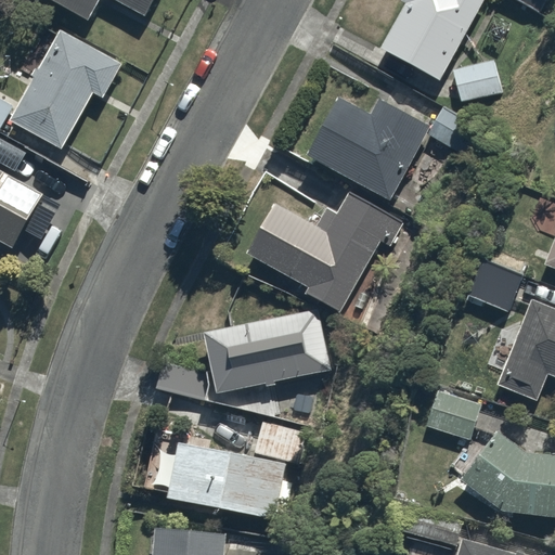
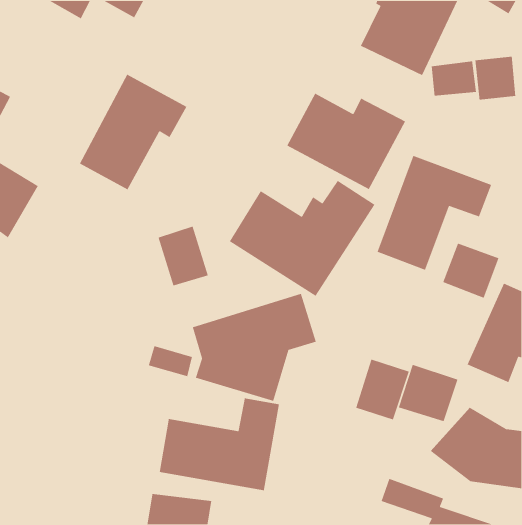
building: [8,27,122,151] -> [79,73,187,191]
building: none -> [475,56,516,100]
building: none -> [376,155,492,271]
building: none -> [157,225,209,287]
building: none -> [355,358,410,420]

